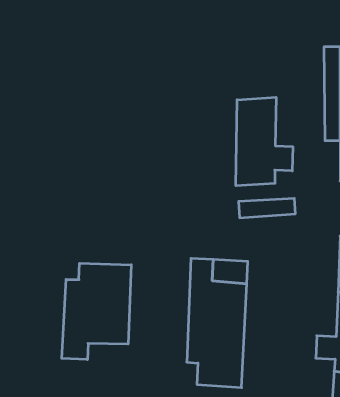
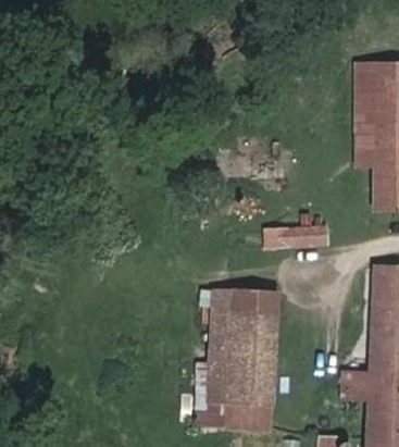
building: [236,97,293,186] -> none
building: [62,263,131,360] -> none

